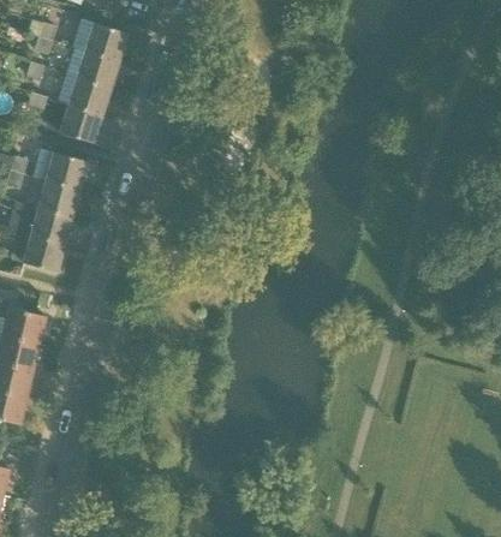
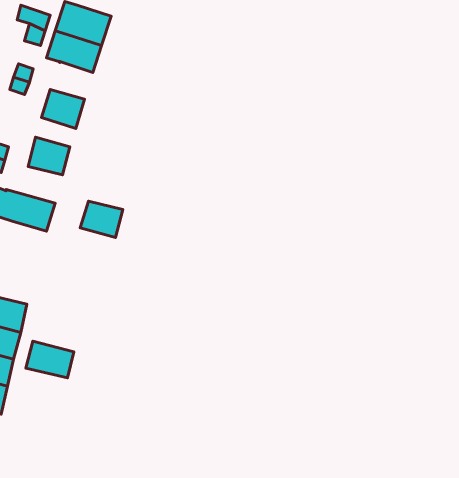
building: [67,77,109,114] -> none
building: [37,180,79,216] -> [80,201,123,238]
building: [23,234,64,272] -> none
building: none -> [26,341,74,378]

